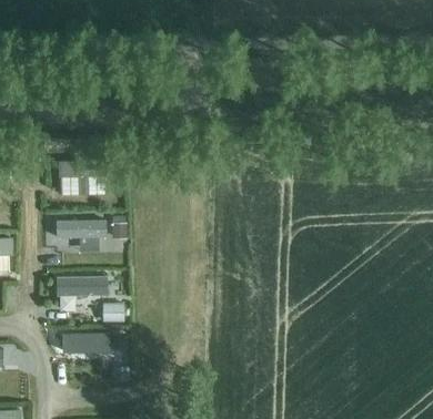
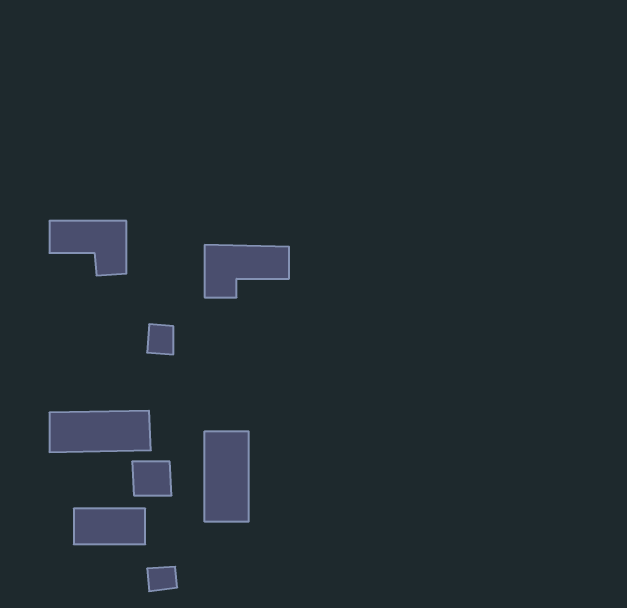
building: [56,219,105,251] -> [205,245,289,297]
building: none -> [205,431,249,522]

